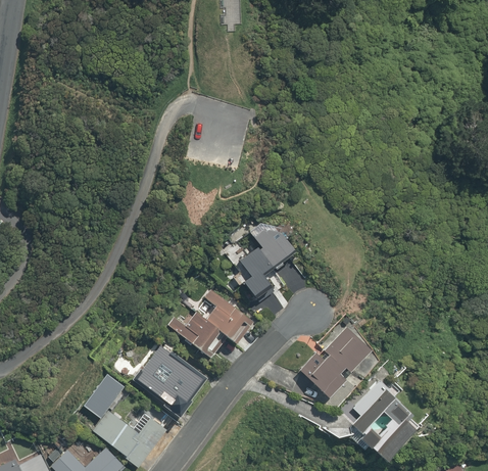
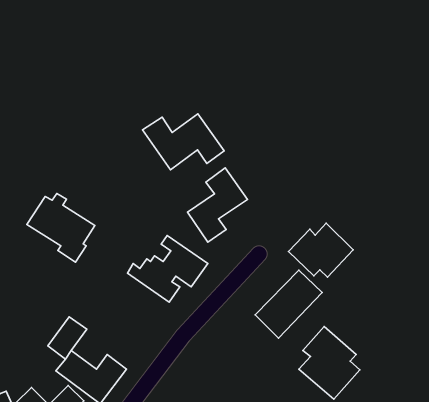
building: none -> [142,114,224,170]
building: none -> [288,223,353,277]
building: [131,344,202,417] -> [27,193,95,262]

